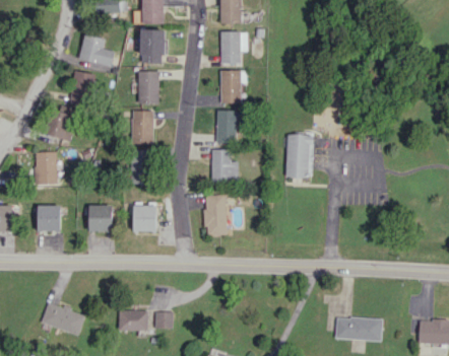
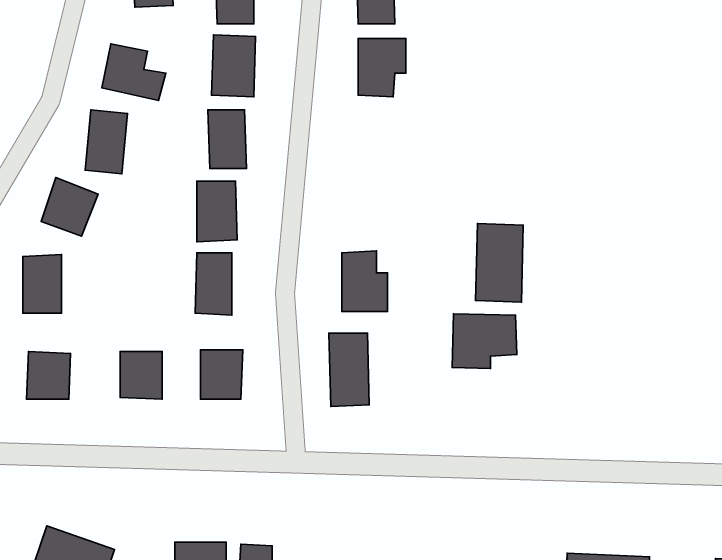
building: [220,70,241,103] -> none
building: [216,110,238,143] -> none
building: none -> [452,314,517,368]

